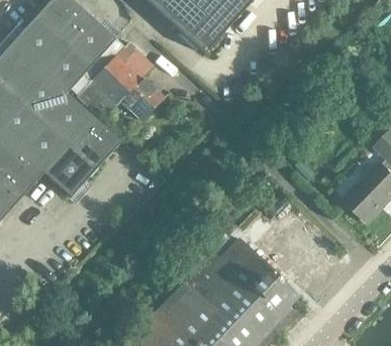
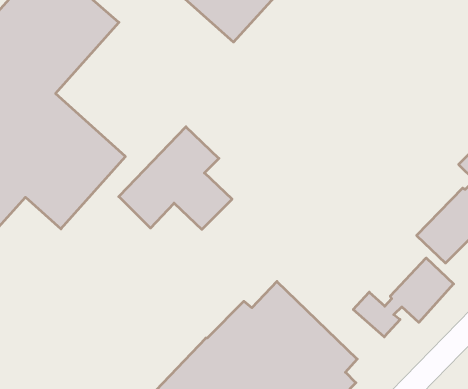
building: [77,40,164,119] -> [119,127,232,229]
building: none -> [353,258,454,337]

